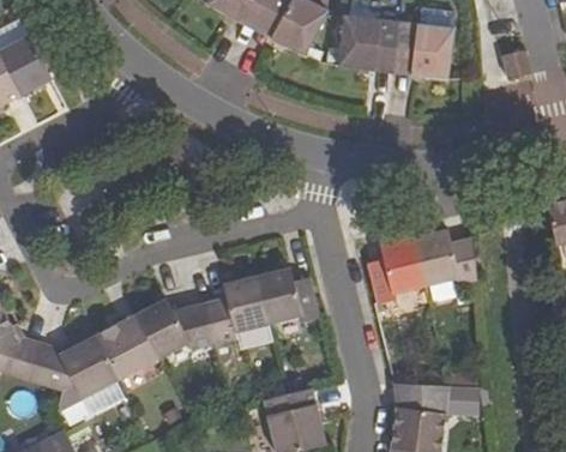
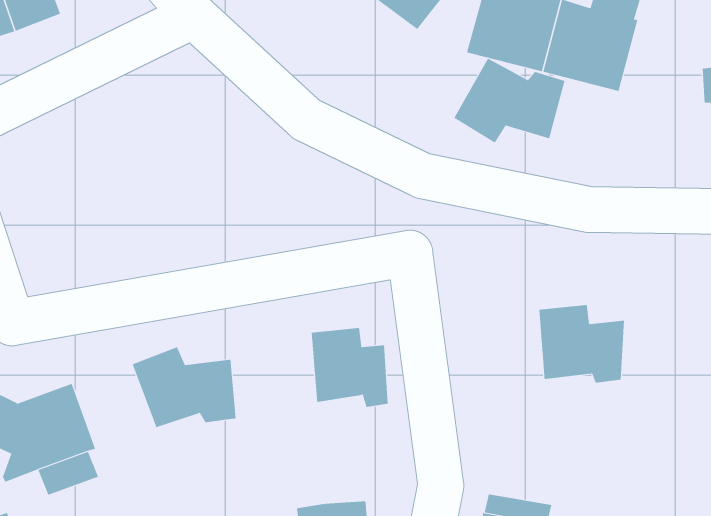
building: none -> [453,58,565,143]
building: [366,237,423,303] -> none
building: [204,276,267,343] -> none
building: [96,315,158,378] -> none

